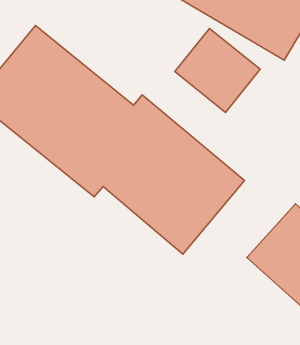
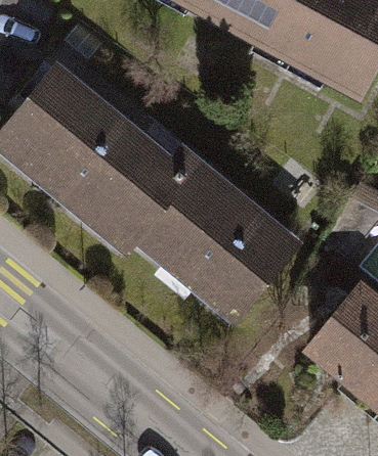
building: [175,28,260,112] -> none

